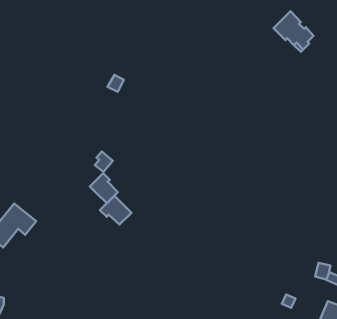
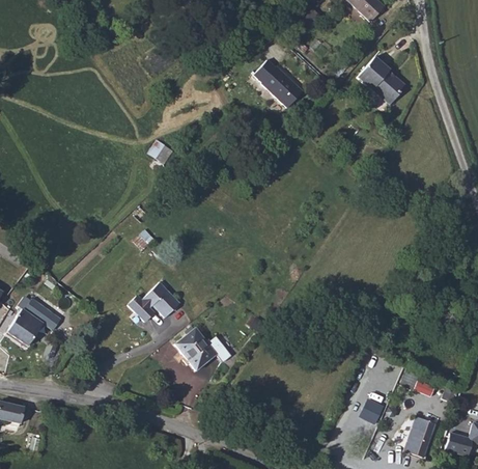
building: none -> [254,58,307,108]
building: [90,173,118,203] -> none
building: none -> [175,330,230,371]

